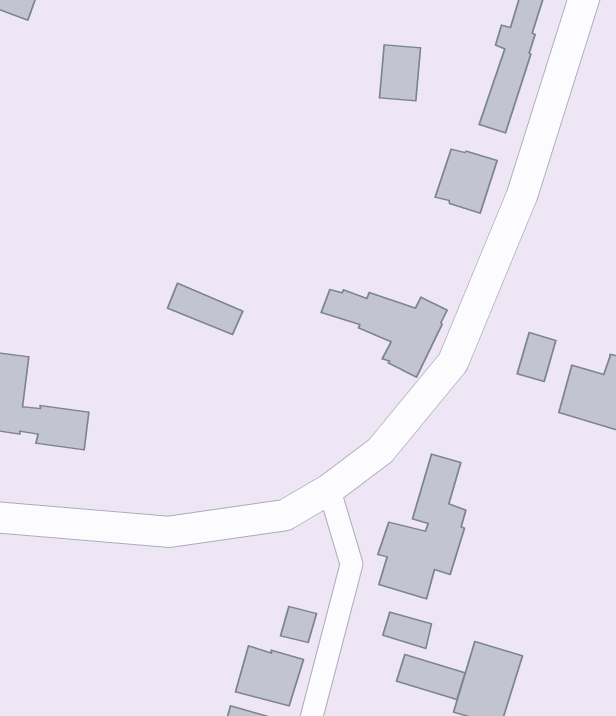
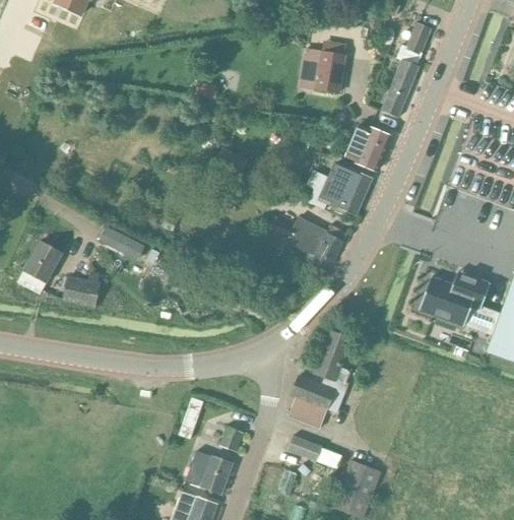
building: none -> [317,160,371,214]
building: [167,283,243,334] -> [97,225,147,263]
building: [517,333,556,382] -> none
building: [396,655,465,700] -> none

